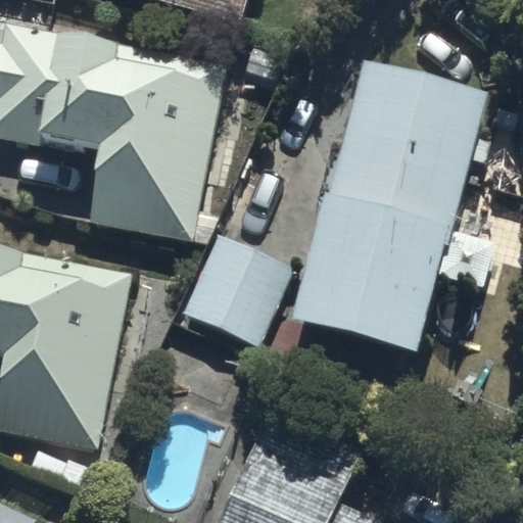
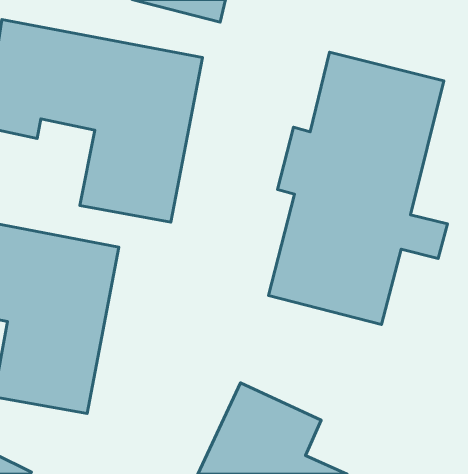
building: [181,236,293,348] -> none

